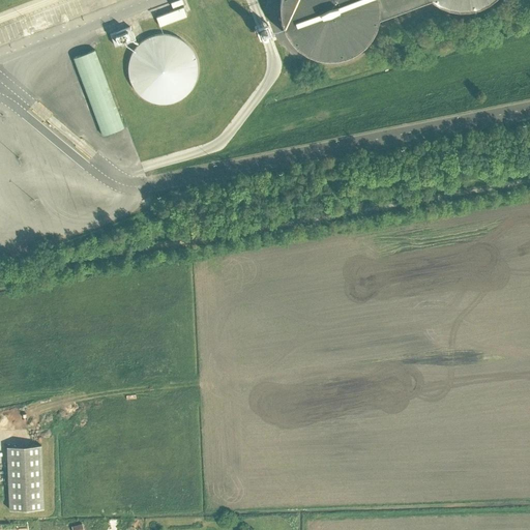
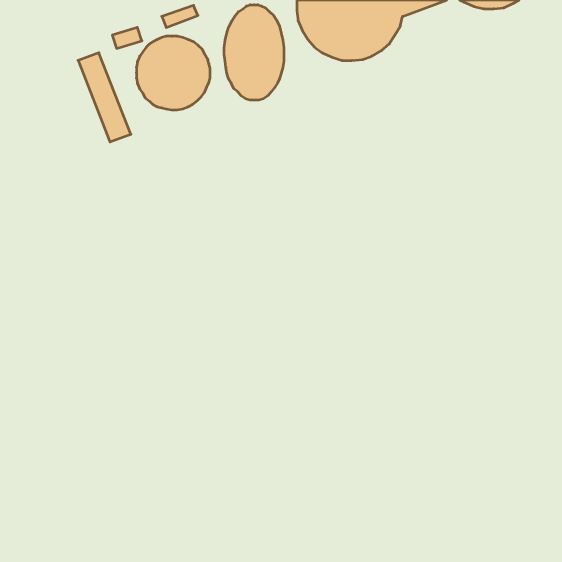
building: none -> [224,5,284,100]
building: [7,445,43,509] -> none

